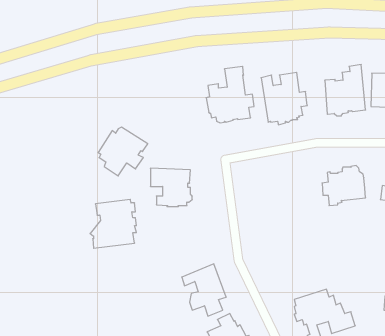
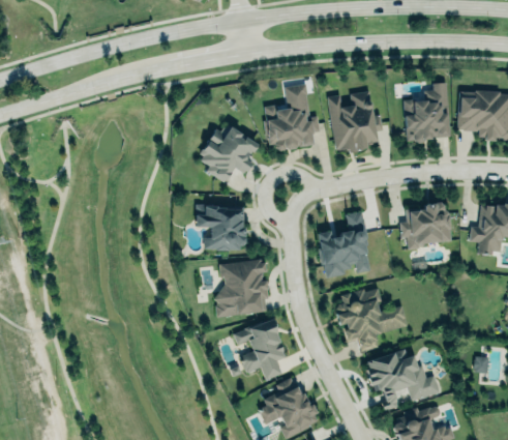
building: [98,127,148,176] -> [200,124,259,182]
building: none -> [318,211,370,277]
building: [90,199,136,248] -> [213,259,268,317]
building: none -> [335,288,409,352]

